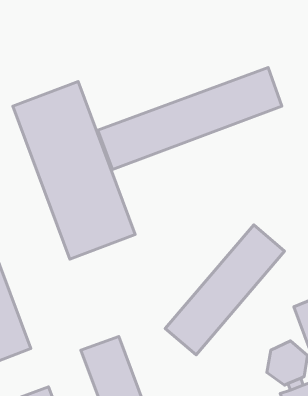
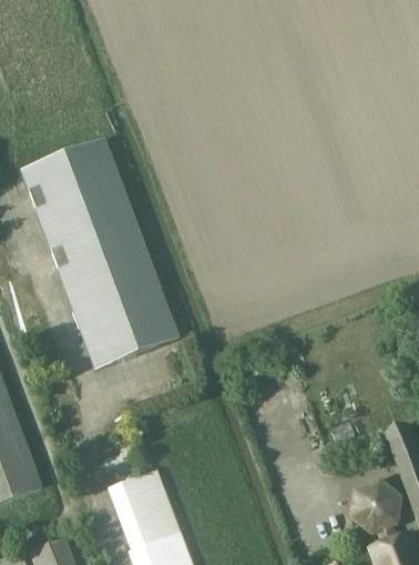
building: [98,68,282,169] -> none
building: [165,225,284,355] -> none

